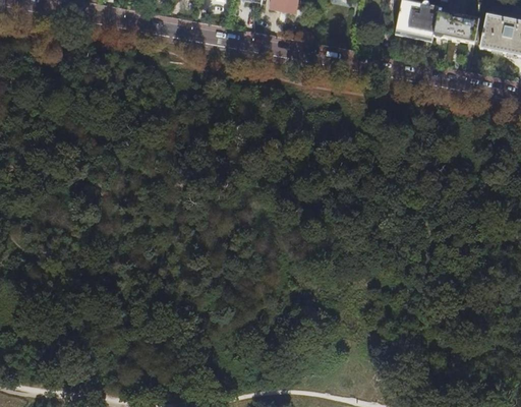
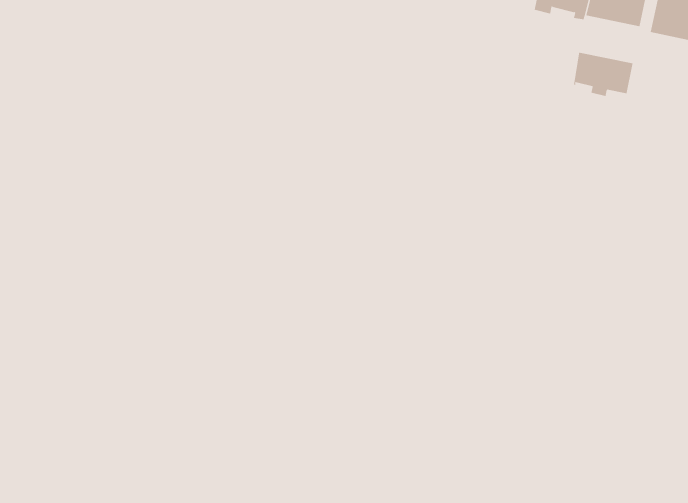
building: none -> [573,52,633,97]

